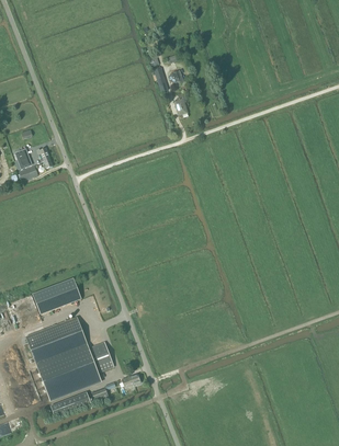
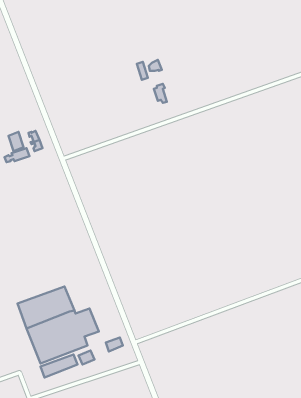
building: [33,277,81,313] -> none

